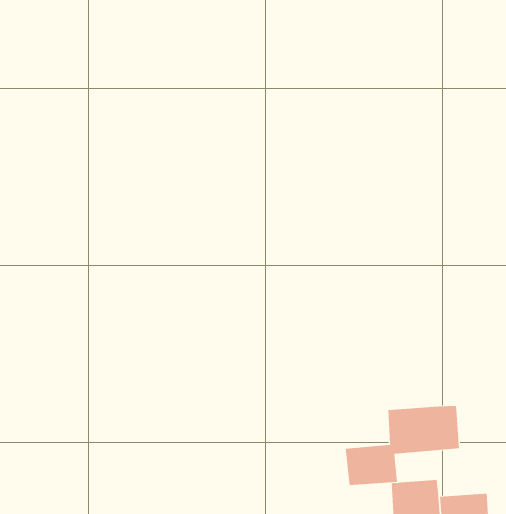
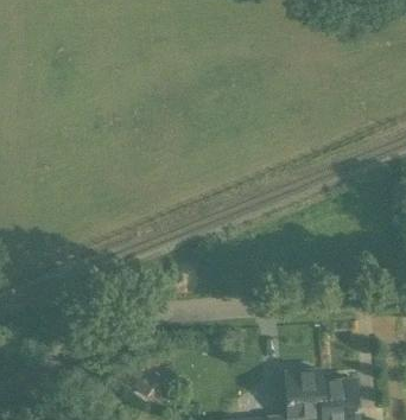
building: [345,405,460,486] -> none

